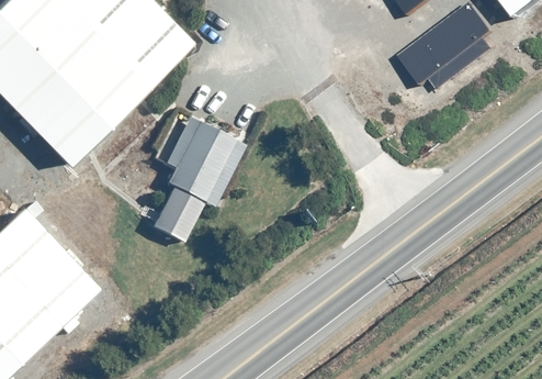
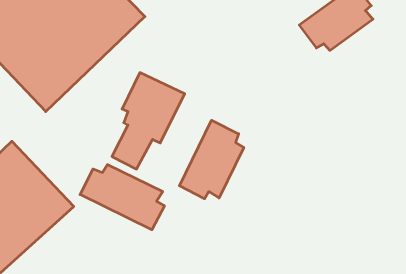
building: none -> [179,120,244,199]
building: none -> [80,165,164,230]

